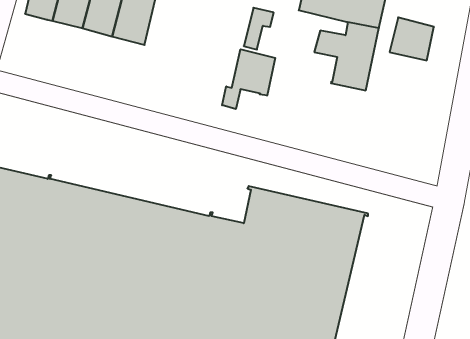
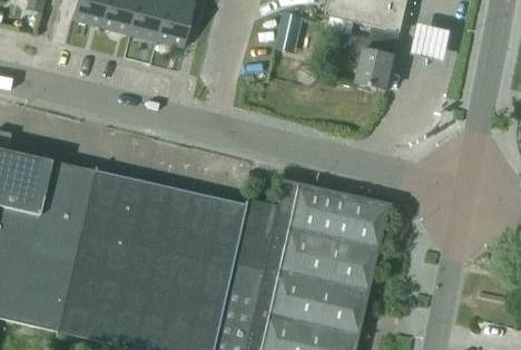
building: [222,49,275,109] -> none

